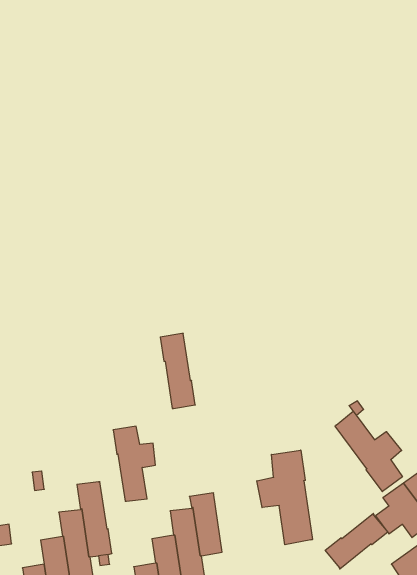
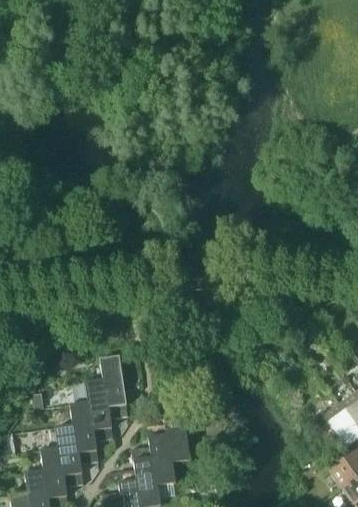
building: [160,333,195,408] -> [85,379,114,441]
building: [335,411,402,492] -> none
building: [257,450,312,545] -> none
building: [325,513,388,569] -> none

